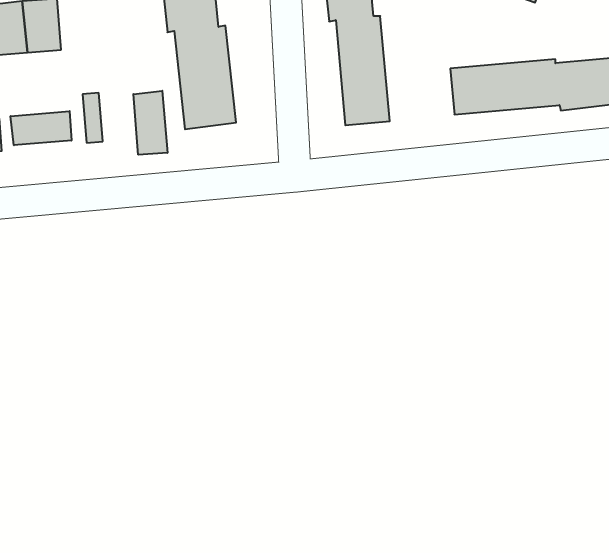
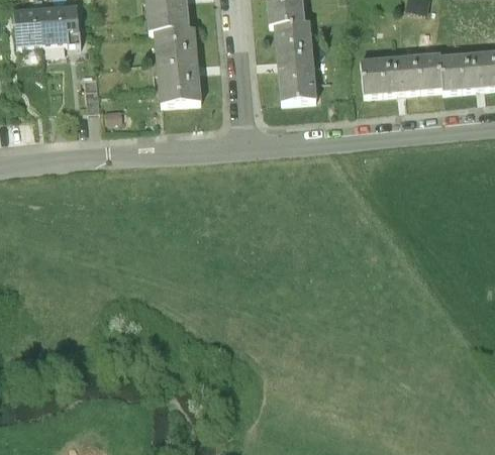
building: [133,91,167,155] -> none
building: [11,111,71,145] -> none

